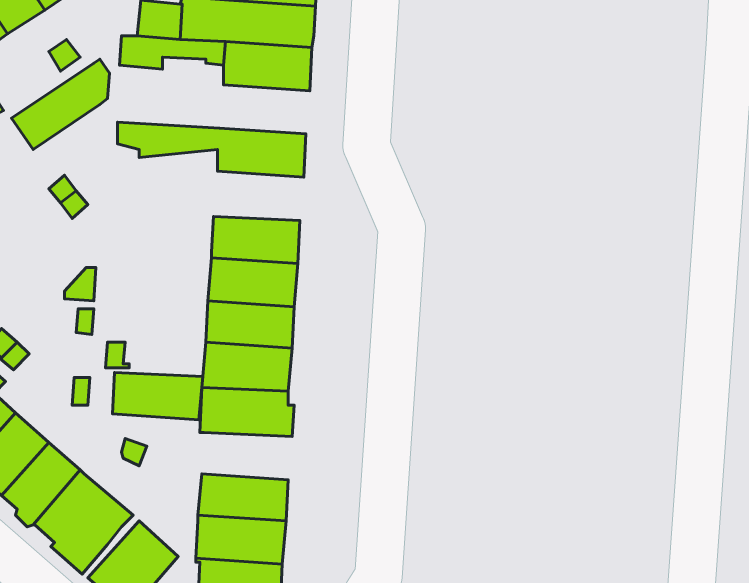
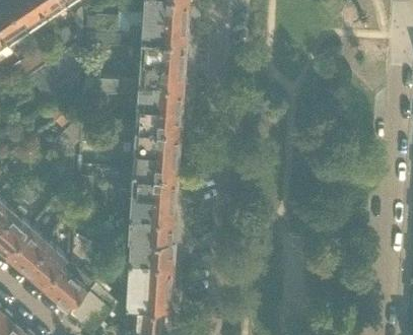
building: none -> [138,59,185,84]
building: none -> [135,104,182,129]
building: [112,373,203,420] -> [129,239,176,263]

